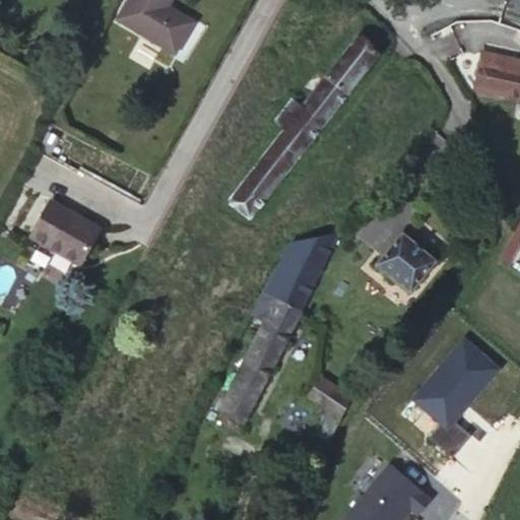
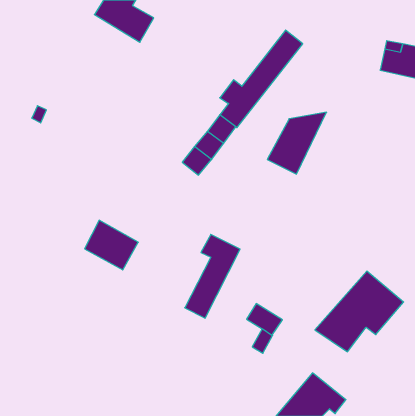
building: [32,201,100,263] -> [85,220,138,270]
building: [376,233,437,292] -> none
building: [264,234,338,311] -> [267,112,327,174]
building: [218,384,257,424] -> none

